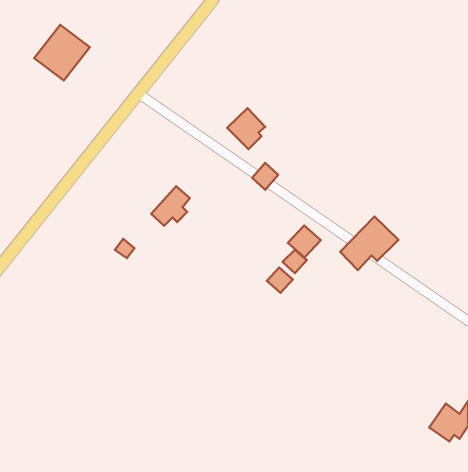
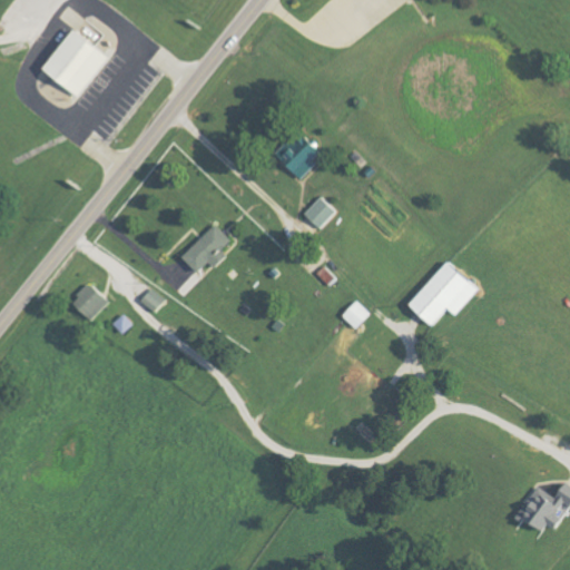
building: [288,225,321,257] -> none
building: none -> [69,283,107,321]
building: [267,267,293,293] -> none

